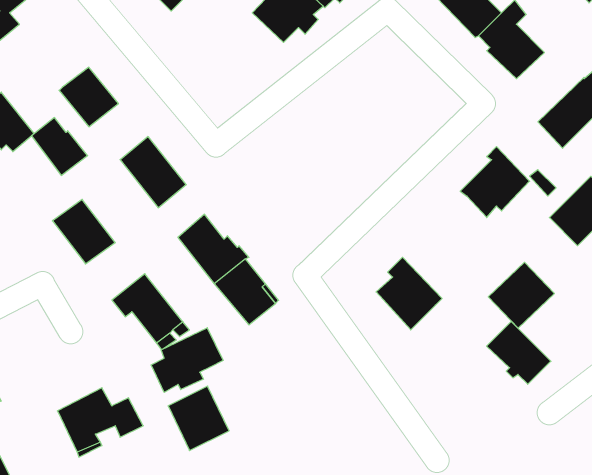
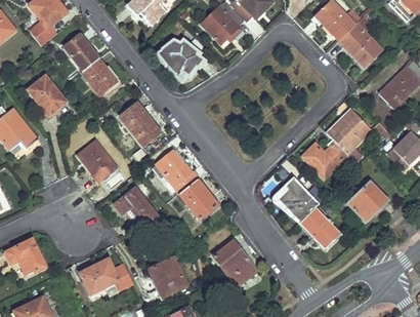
building: none -> [155,39,204,77]
building: [31,118,88,175] -> [65,36,99,72]
building: none -> [303,140,348,179]
building: [487,322,551,384] -> [299,207,339,246]
building: [151,328,223,392] -> none
building: none -> [213,240,257,286]

